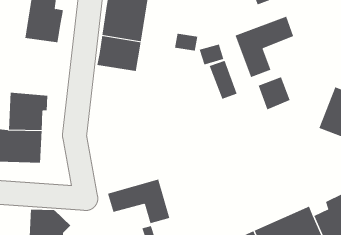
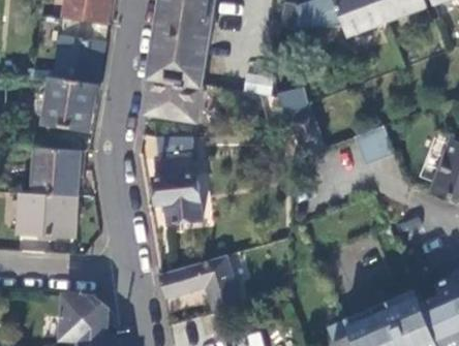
building: [235,16,294,78] -> none
building: none -> [43,77,96,131]
building: none -> [151,135,201,223]

